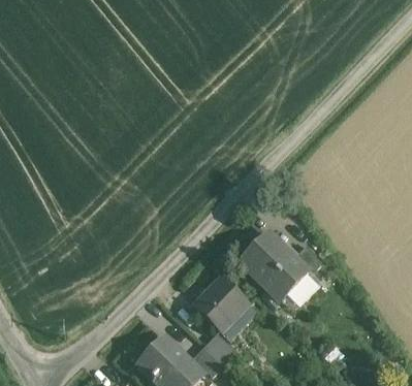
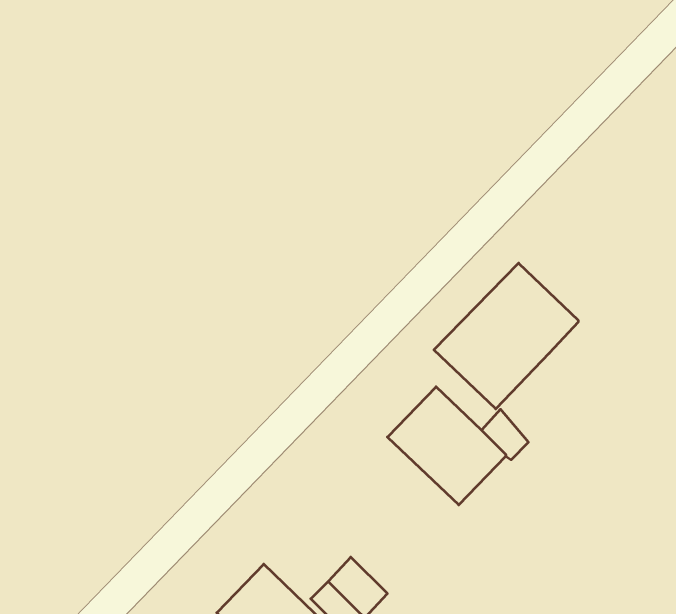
building: none -> [434,263,578,409]
building: [195,279,247,330] -> none

